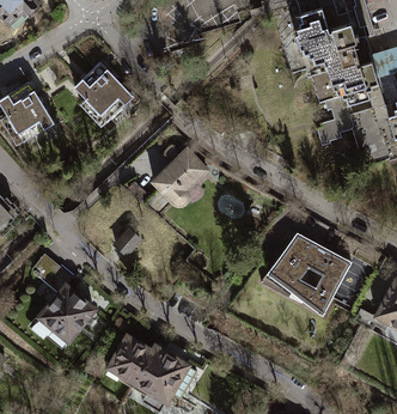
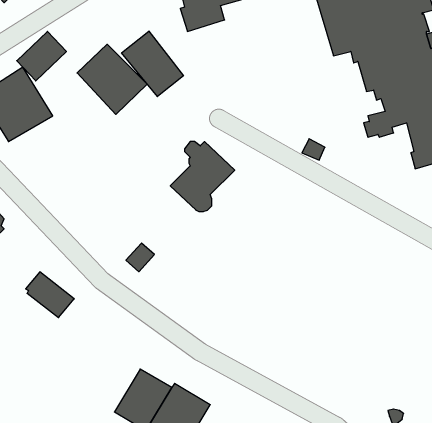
building: none -> [122,31,183,97]
building: none -> [17,31,66,81]
building: [261,231,352,315] -> none
building: [36,285,93,348] -> none

